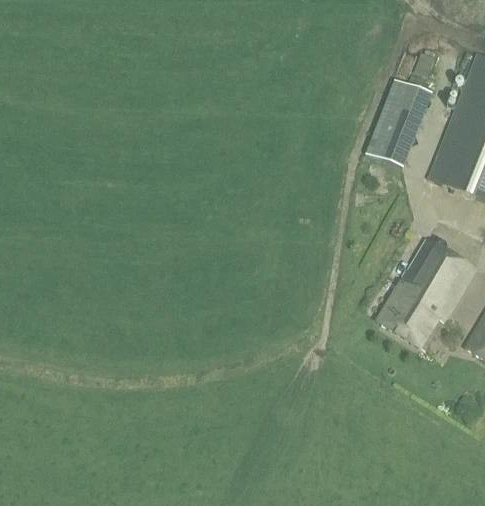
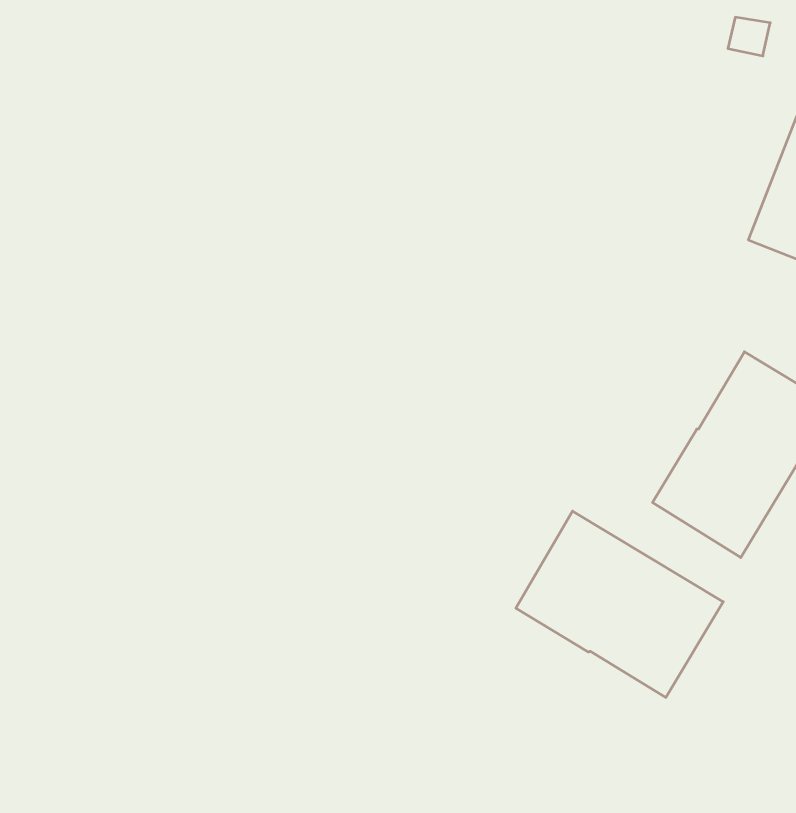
building: [365,77,432,166] -> none
building: none -> [516,511,723,697]

